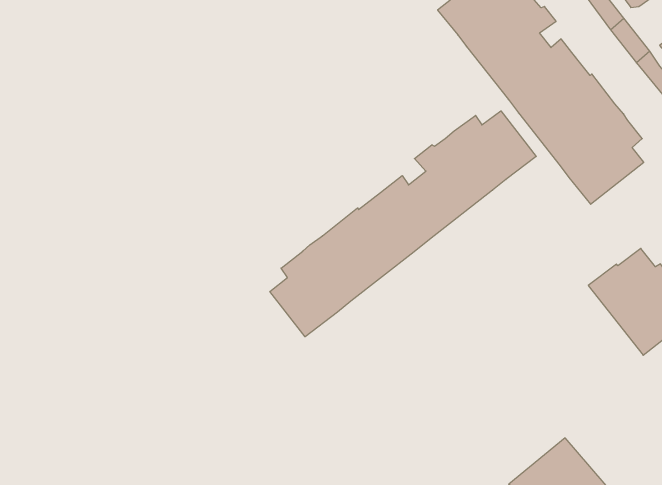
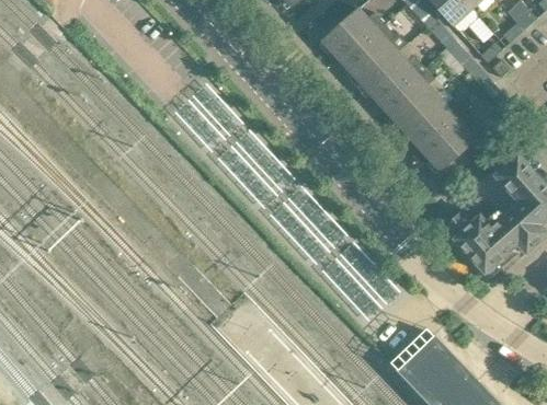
building: [270,111,536,337] -> none

